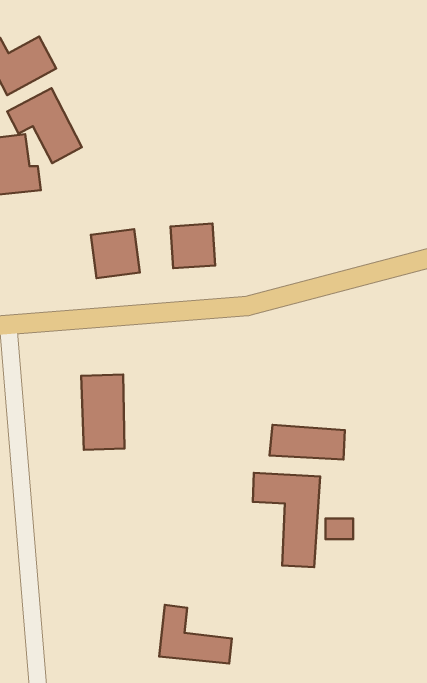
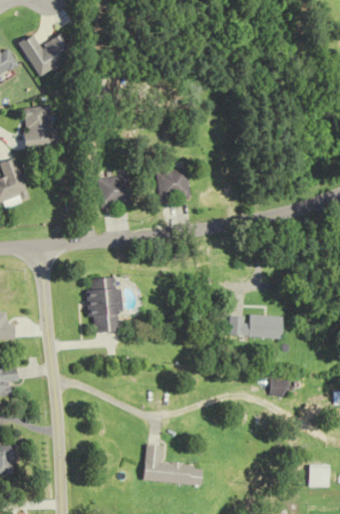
building: [7,88,82,163] -> none
building: [253,473,320,567] -> none
building: none -> [308,465,329,487]

